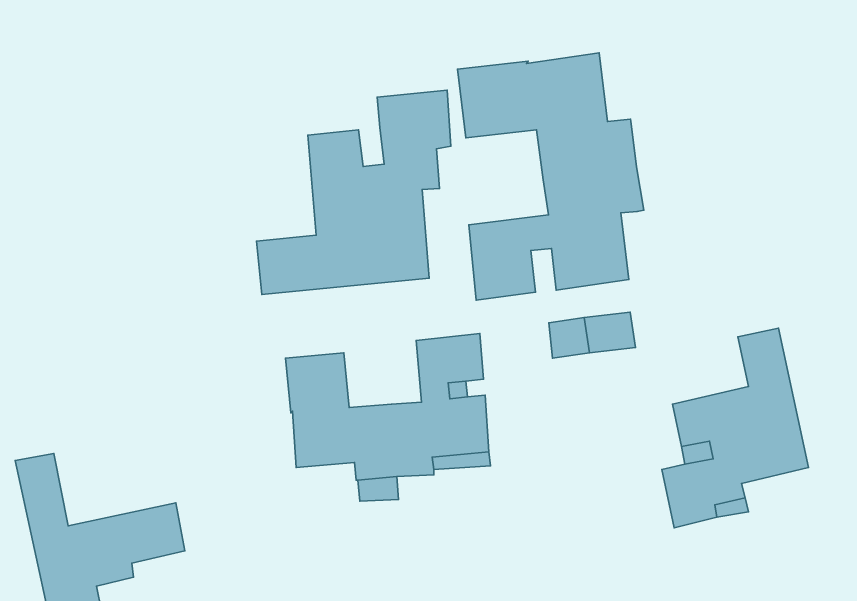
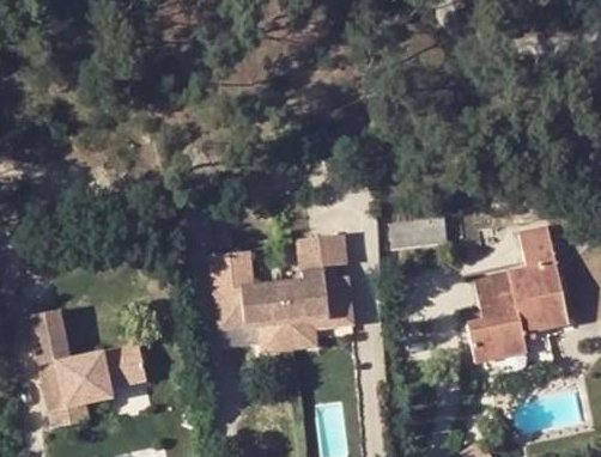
building: [457,53,644,300] -> none
building: [257,90,451,294] -> none

